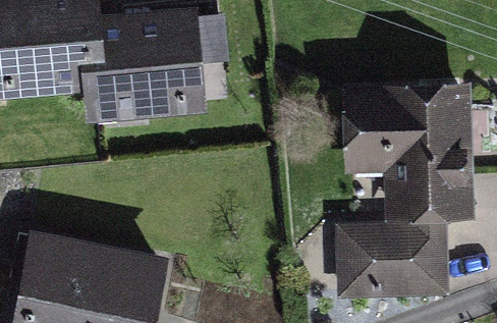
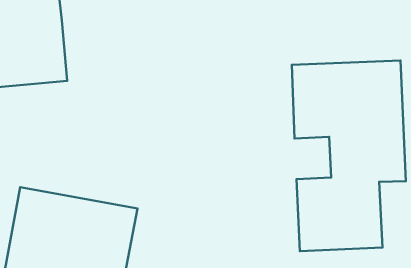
building: [79,21,200,136] -> none

